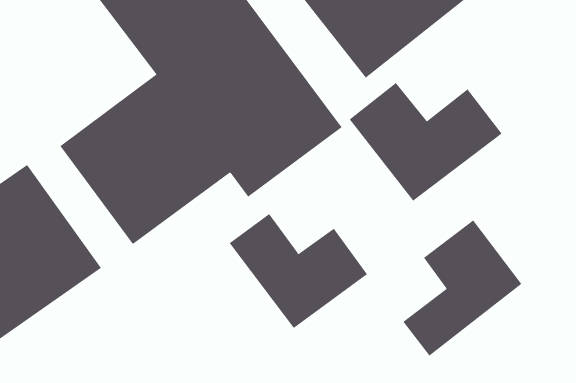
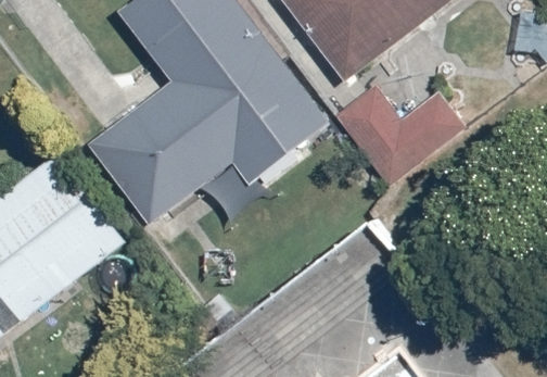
building: [229,213,368,329] -> none
building: [403,219,522,356] -> none

